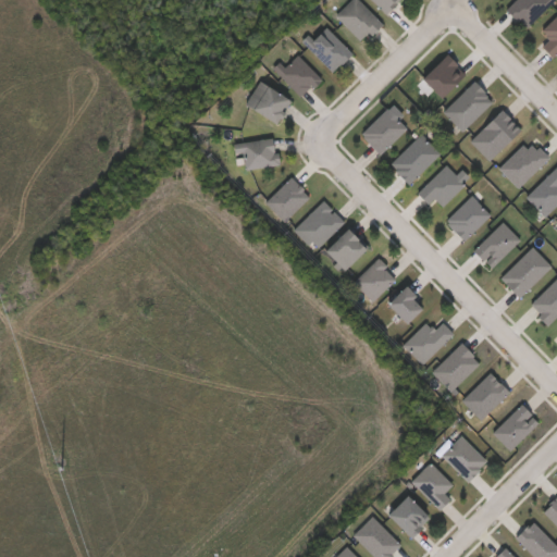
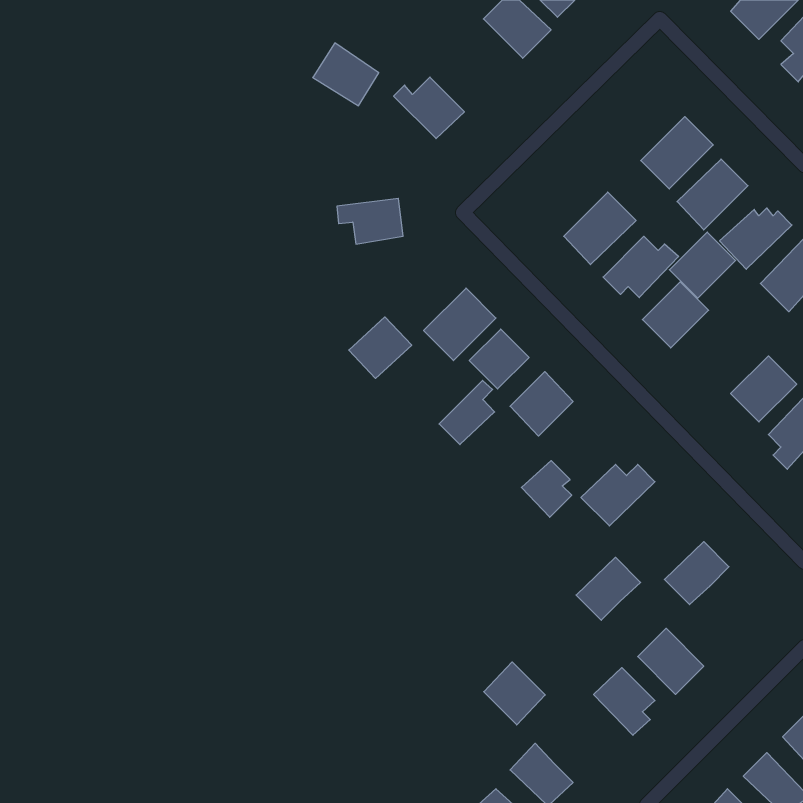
building: [306,24,352,72] -> none
building: [420,53,465,98] -> none
building: [245,81,290,124] -> [313,43,379,106]
building: [361,109,407,154] -> none
building: [264,178,308,221] -> [349,317,412,378]
building: [475,221,521,267] -> [669,232,736,298]
building: none -> [439,380,495,445]
building: [386,285,421,324] -> [521,461,572,517]
building: [433,346,478,389] -> [576,557,641,620]
building: [493,406,537,449] -> none
building: [387,494,430,537] -> [484,662,545,725]

